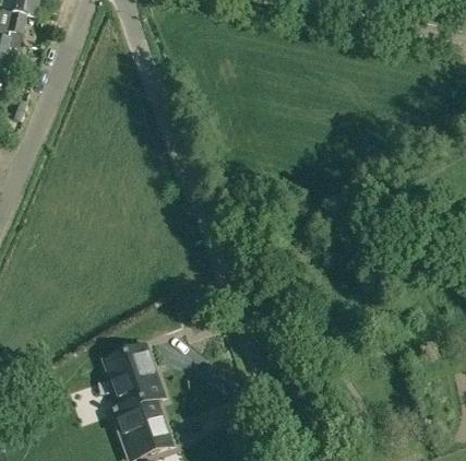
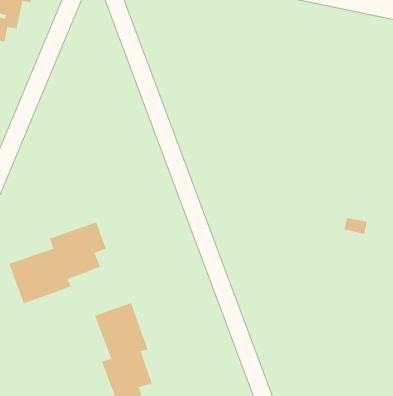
building: none -> [8,222,106,304]

